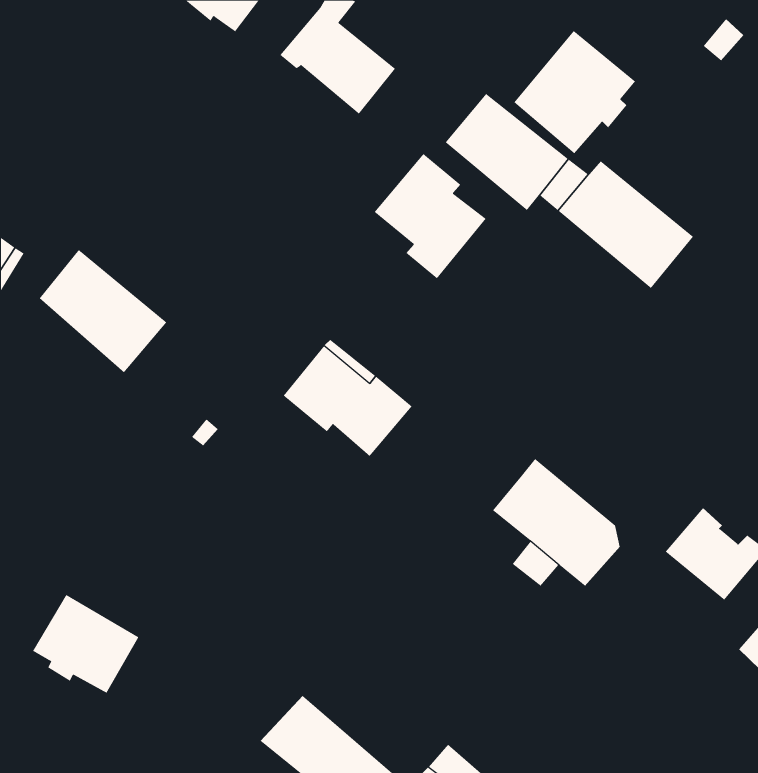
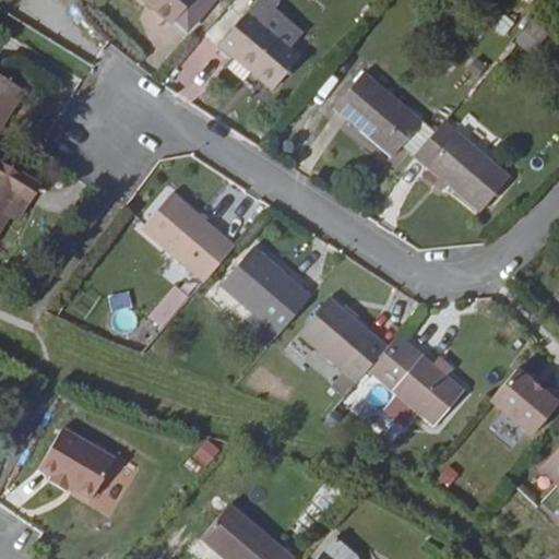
building: [513,30,636,154] -> none
building: [374,153,486,279] -> none
building: [39,249,167,373] -> [142,193,234,282]
building: none -> [300,297,389,394]

